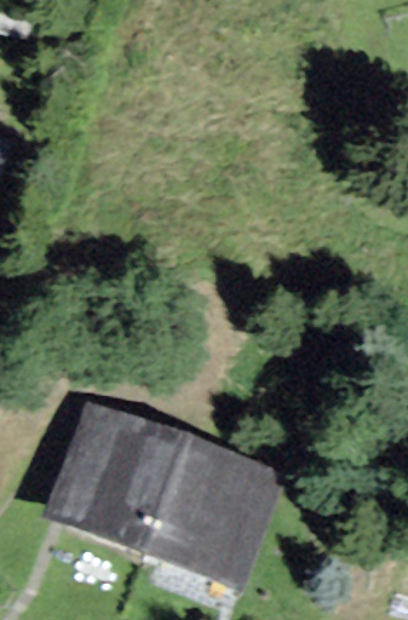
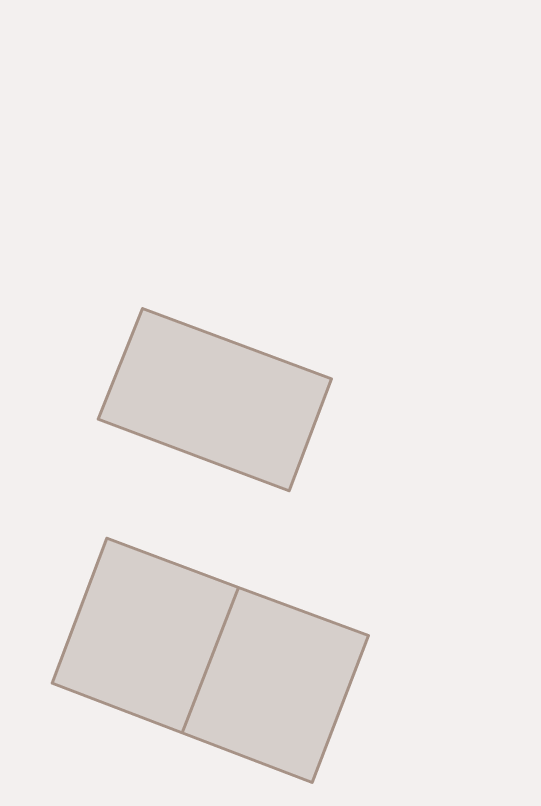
building: none -> [98,308,332,491]

